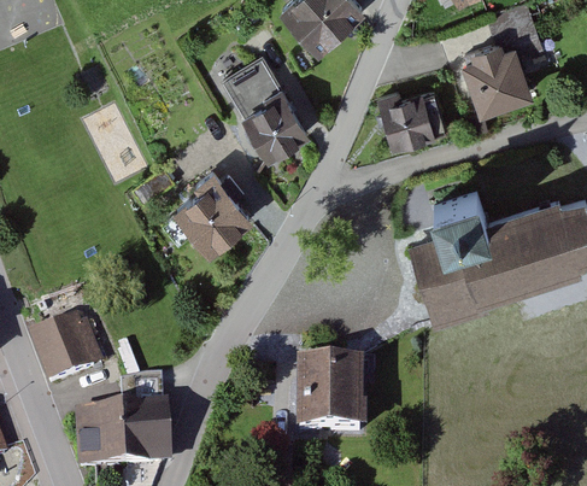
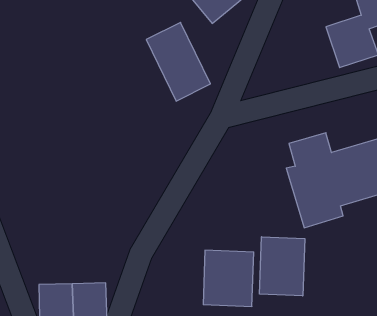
building: [378,94,434,152] -> none
building: [169,174,256,262] -> none
building: [40,312,110,381] -> none
building: none -> [260,237,305,296]

